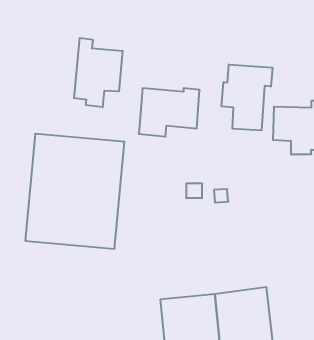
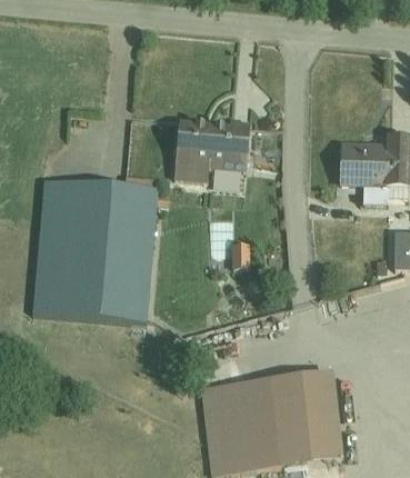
building: [74,38,122,107] -> none
building: [222,64,272,130] -> none

